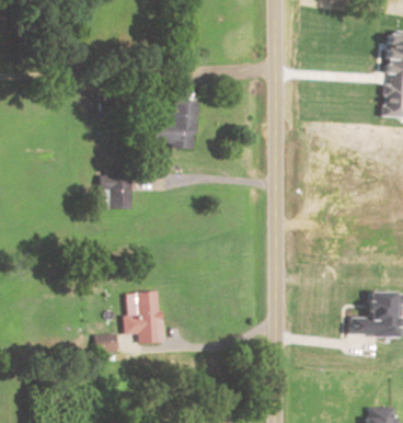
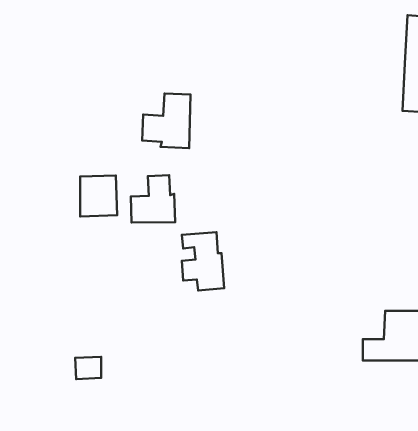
building: none -> [131,175,175,223]
building: [124,293,161,344] -> [182,232,224,291]

